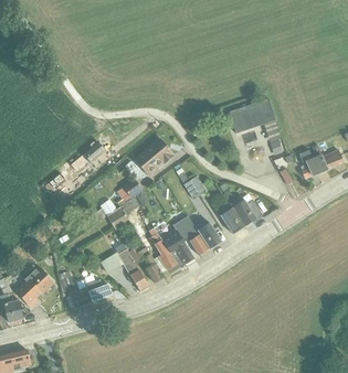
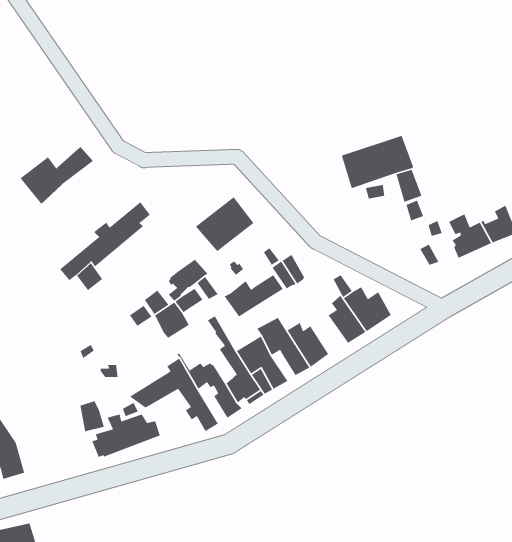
building: none -> [20,146,94,205]
building: none -> [224,274,284,318]
building: [15,267,53,307] -> none

